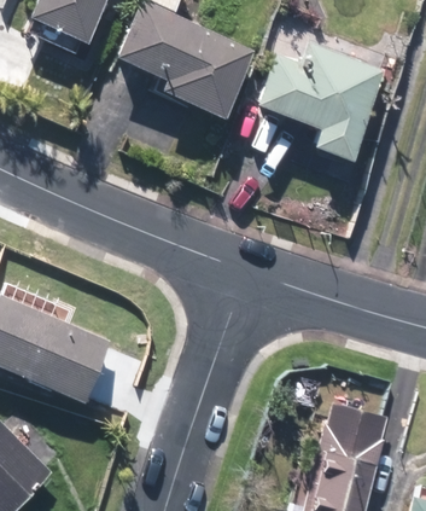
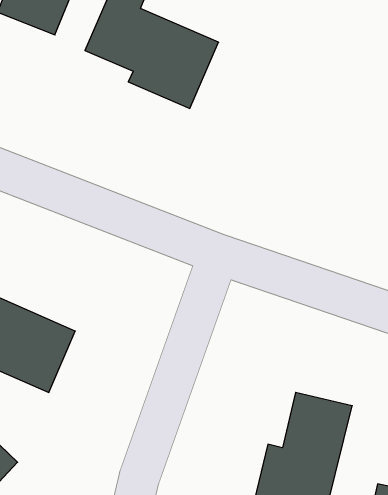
building: [258,53,380,162] -> none

